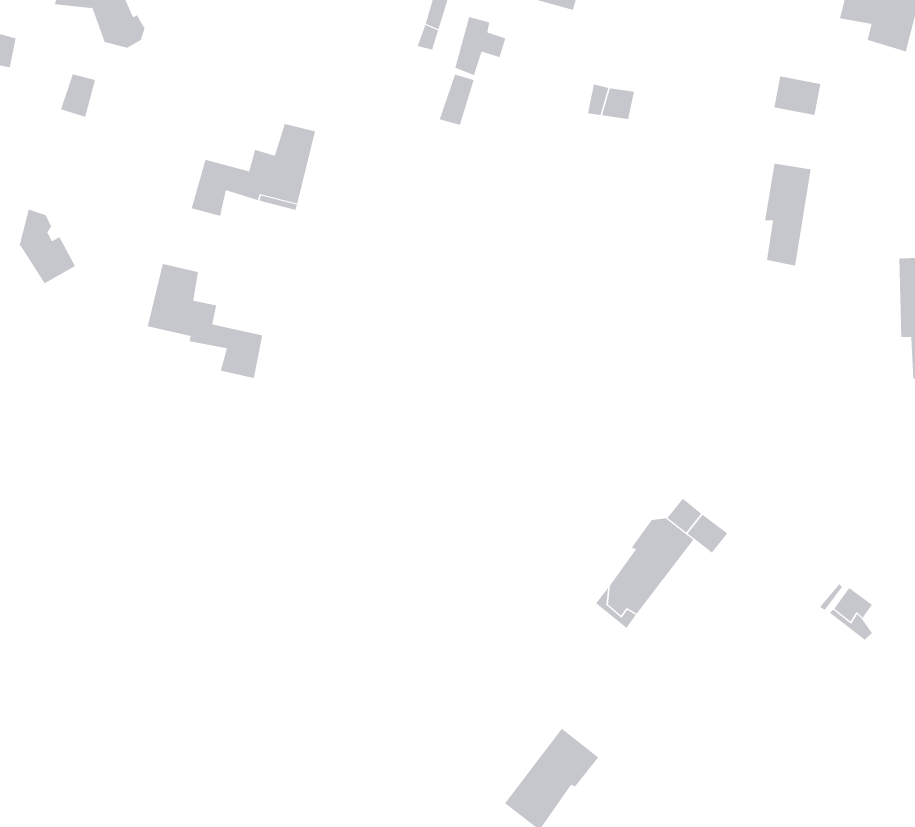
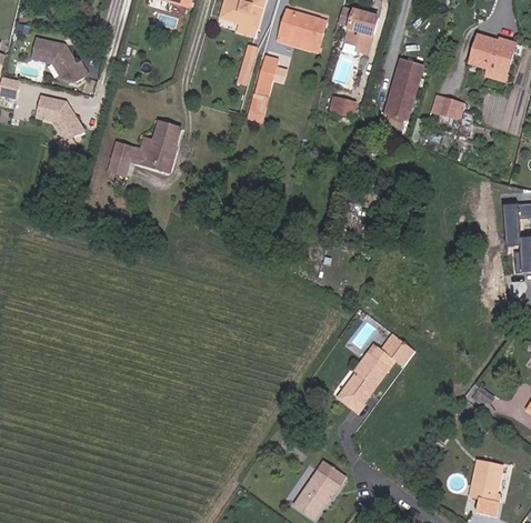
building: [764,163,812,266] -> [388,59,414,117]
building: [18,209,76,284] -> [52,99,84,141]
building: [147,263,263,379] -> none
building: none -> [469,459,499,507]

